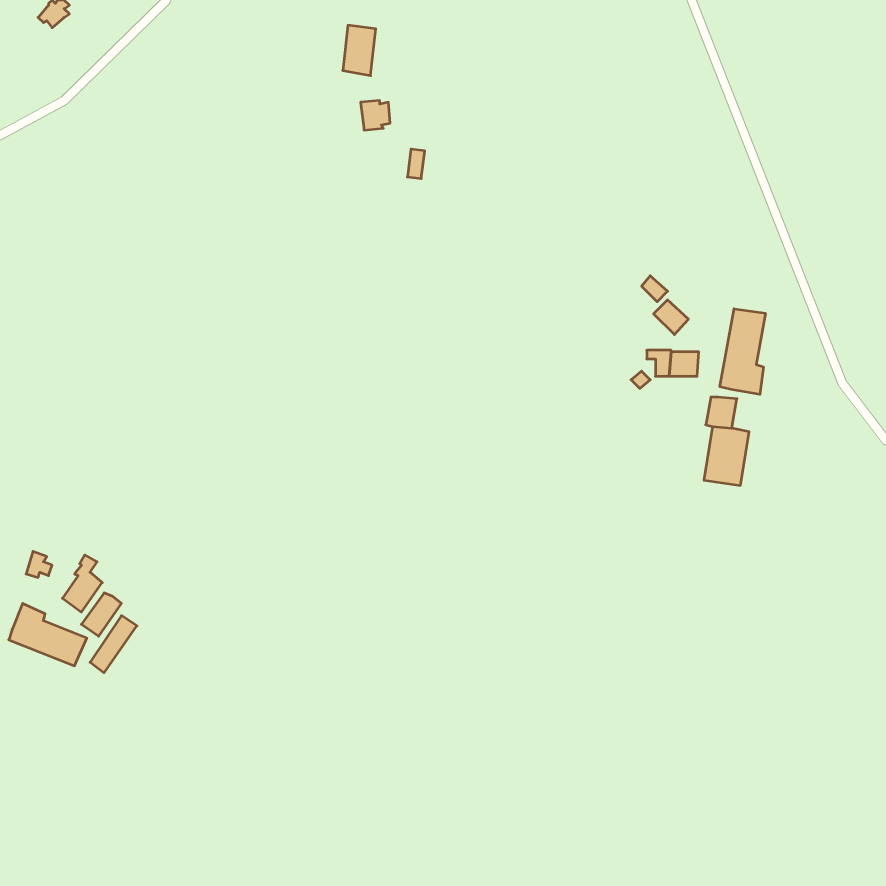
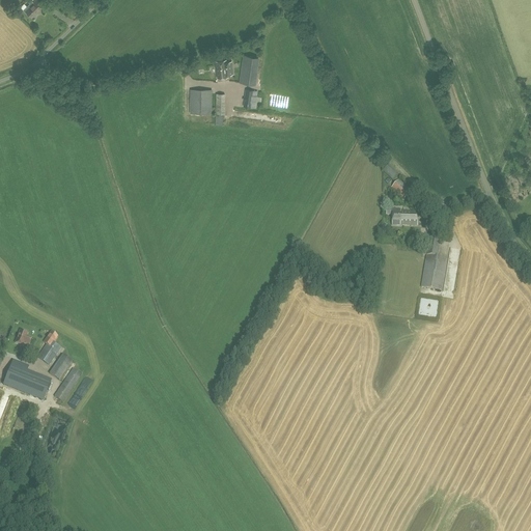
building: [343,25,376,76] -> [240,55,259,85]
building: none -> [190,89,213,113]
building: [720,309,765,394] -> none

